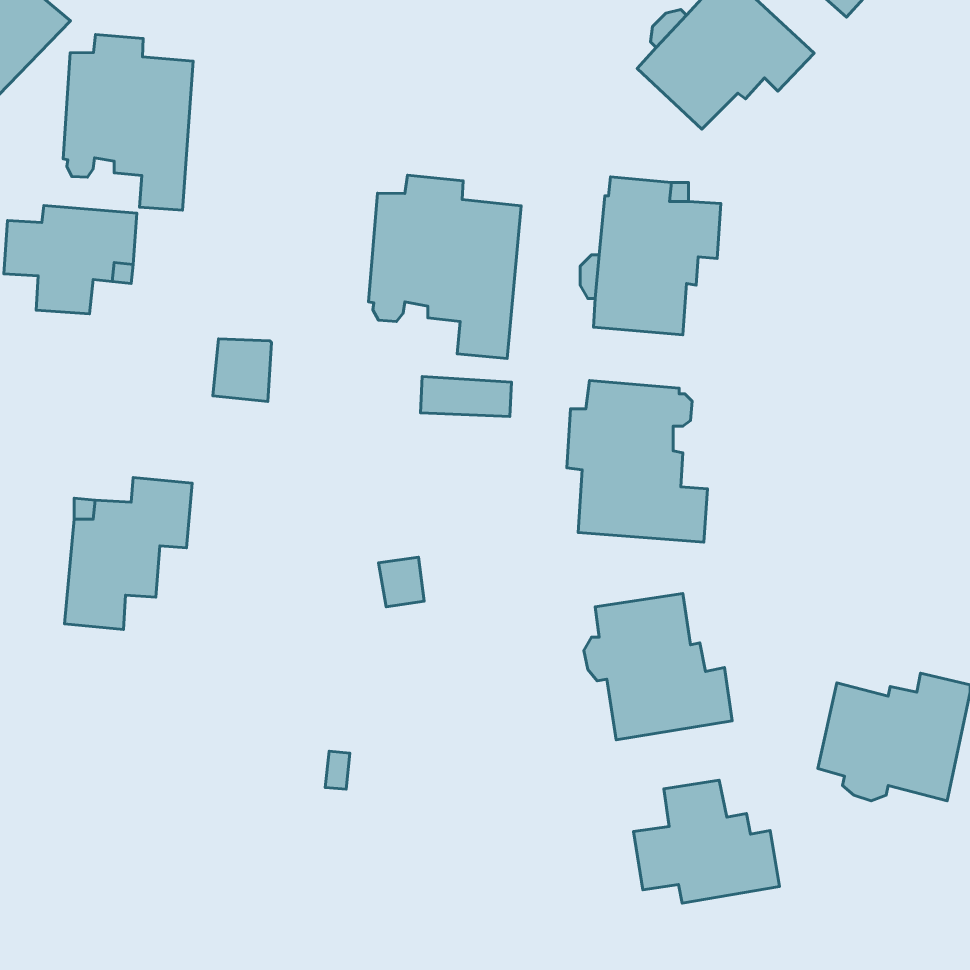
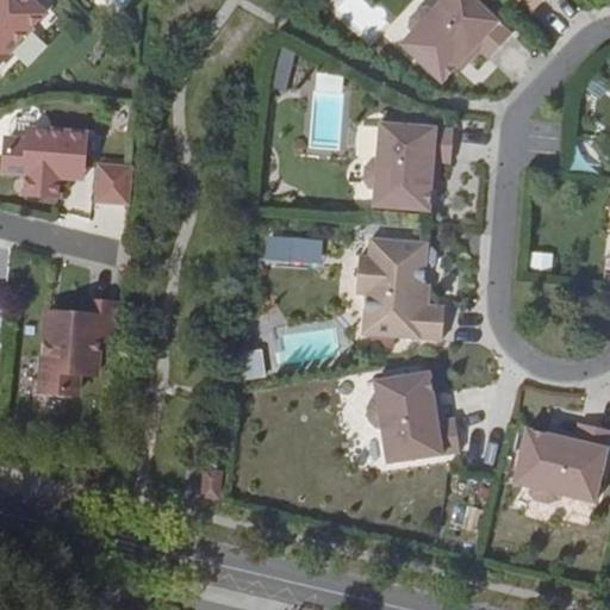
building: [63,35,193,210] -> none
building: [369,175,521,359] -> none
building: [213,339,272,402] -> [94,164,131,204]
building: [633,780,779,903] -> none

